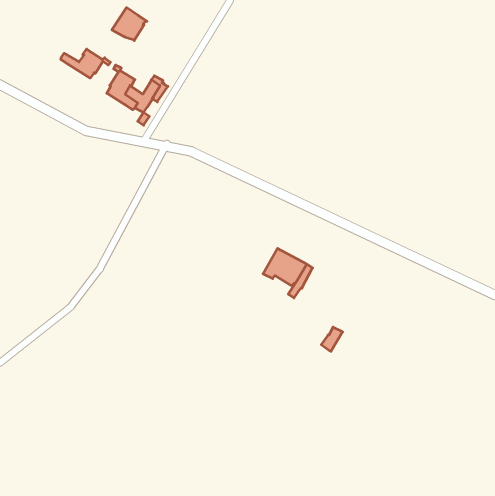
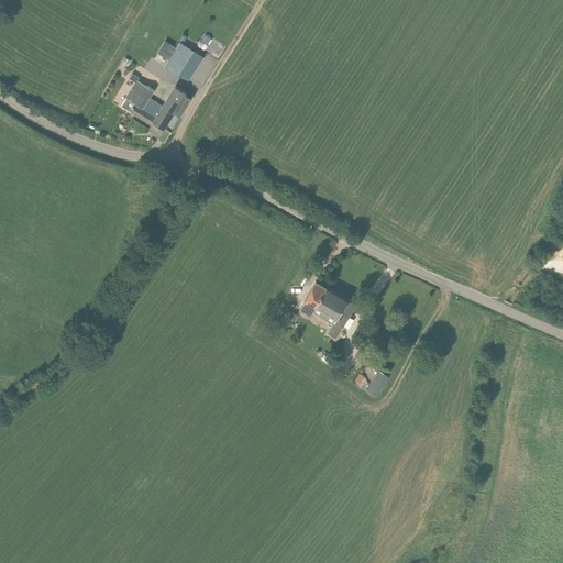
building: [112,8,147,41] -> [163,42,202,79]
building: [61,49,110,78] -> none

